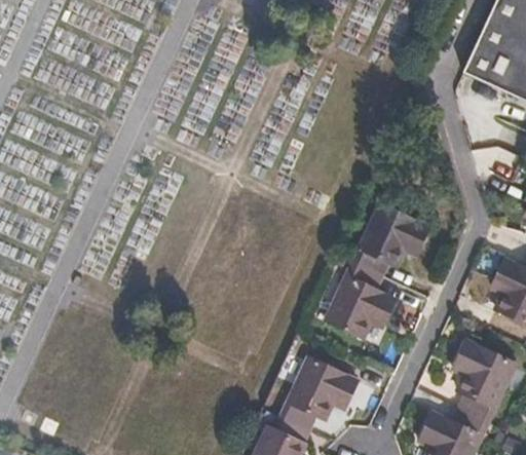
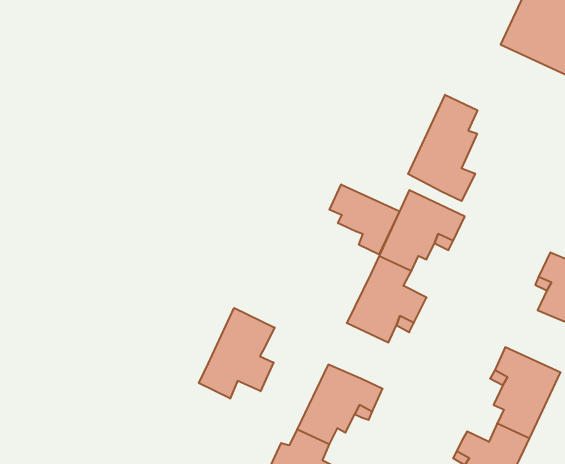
building: none -> [408,95,477,201]
building: none -> [329,184,400,255]
building: none -> [199,308,275,399]

